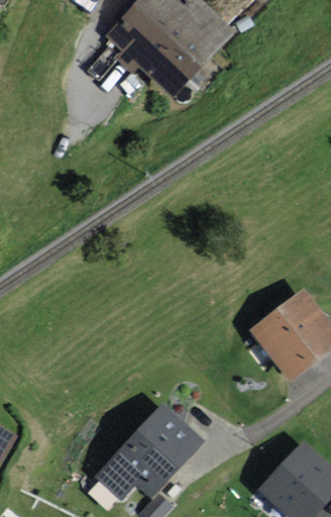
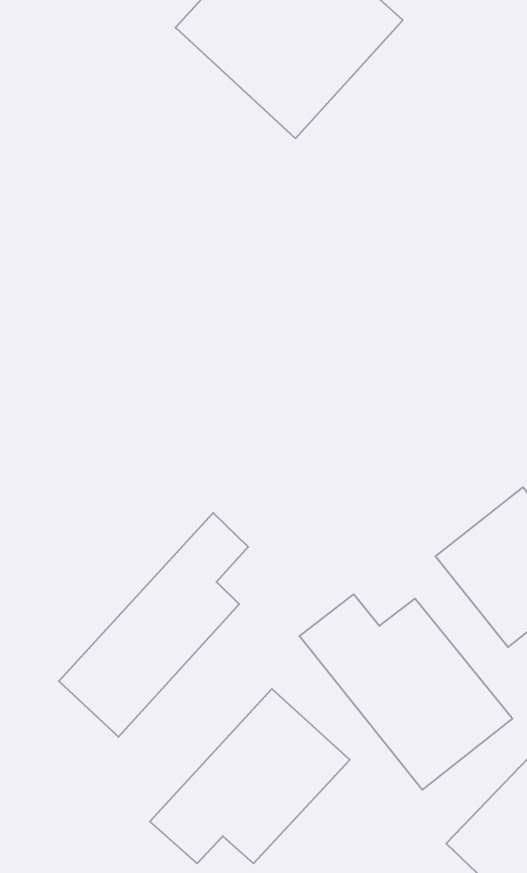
building: none -> [59,513,248,737]
building: none -> [299,594,512,790]

